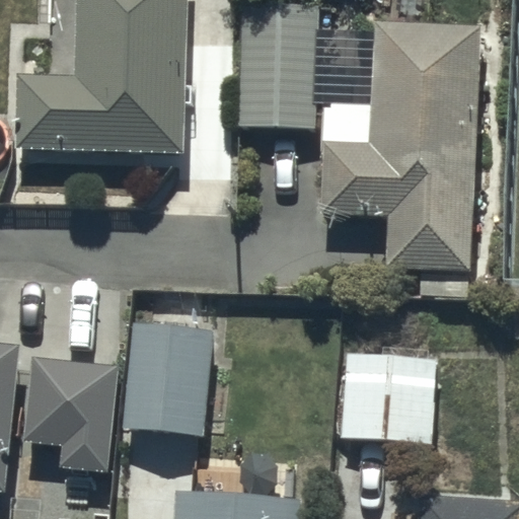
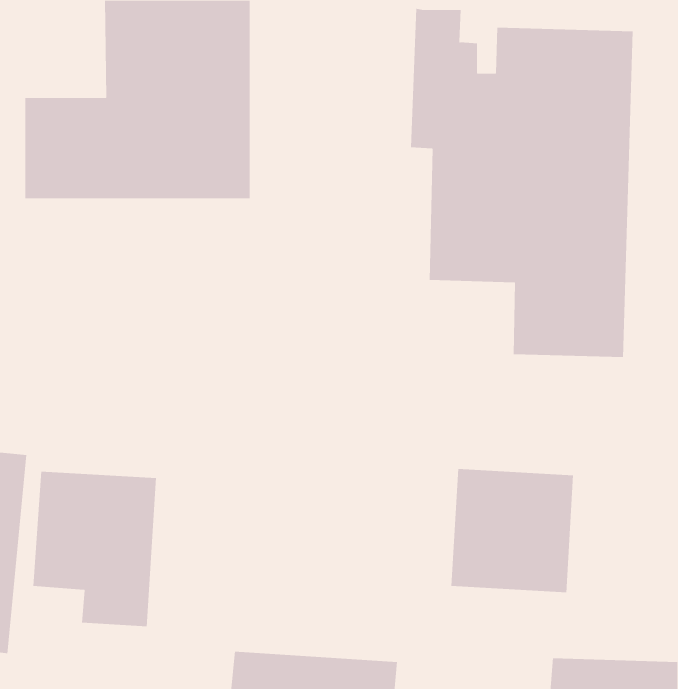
building: [240,7,311,131] -> none
building: [123,320,215,435] -> none

